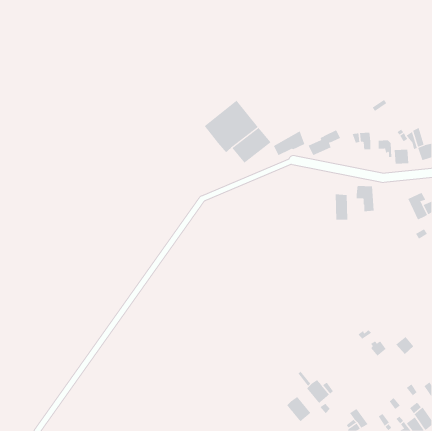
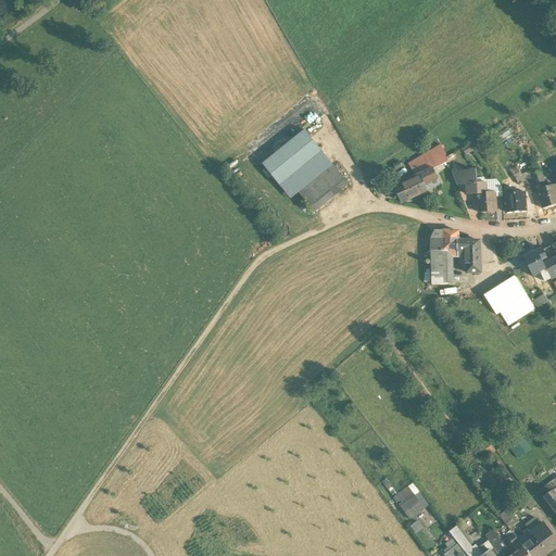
building: [273,131,305,156] -> [408,142,450,175]
building: none -> [477,180,498,211]
building: none -> [430,228,458,250]
building: none -> [484,275,533,324]
building: [286,396,311,422] -> none

